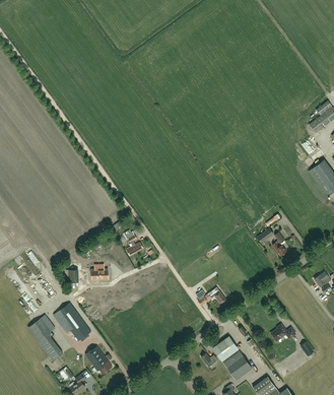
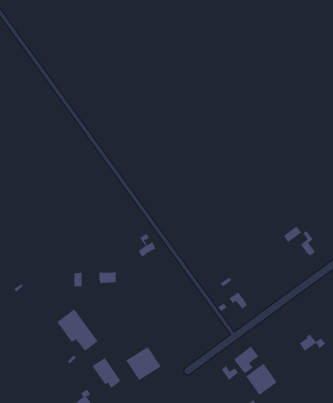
building: [28,318,63,360] -> none
building: none -> [125,346,162,381]

